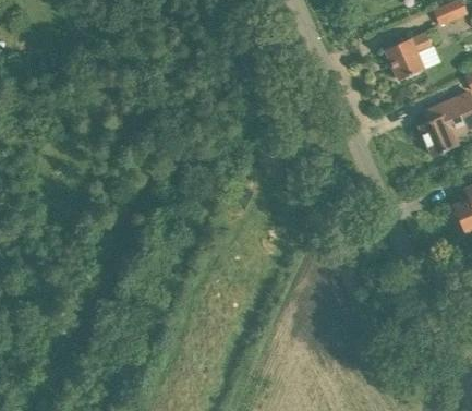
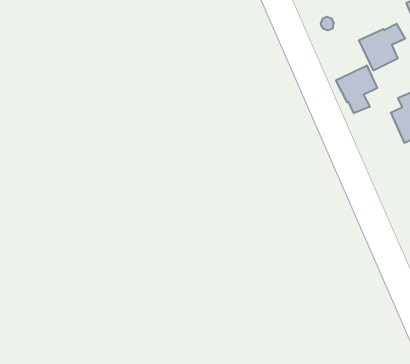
building: none -> [336,65,377,113]

